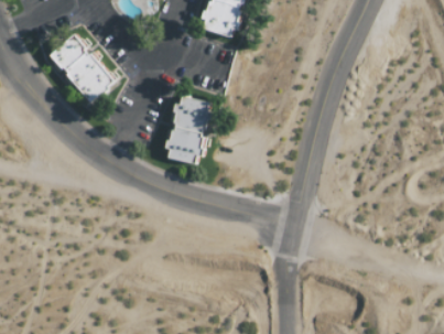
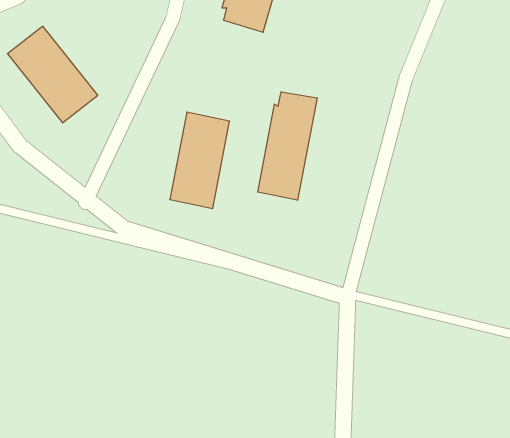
building: none -> [258,92,317,200]

